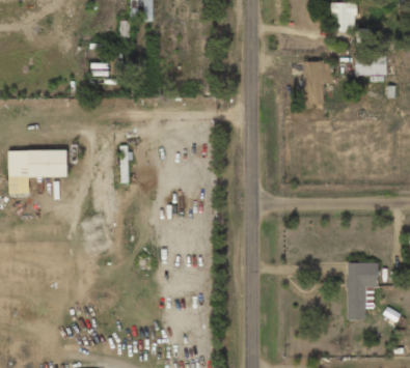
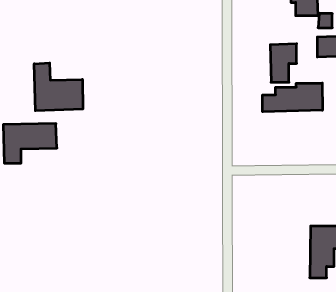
building: none -> [34,63,83,111]
building: none -> [263,83,322,112]

